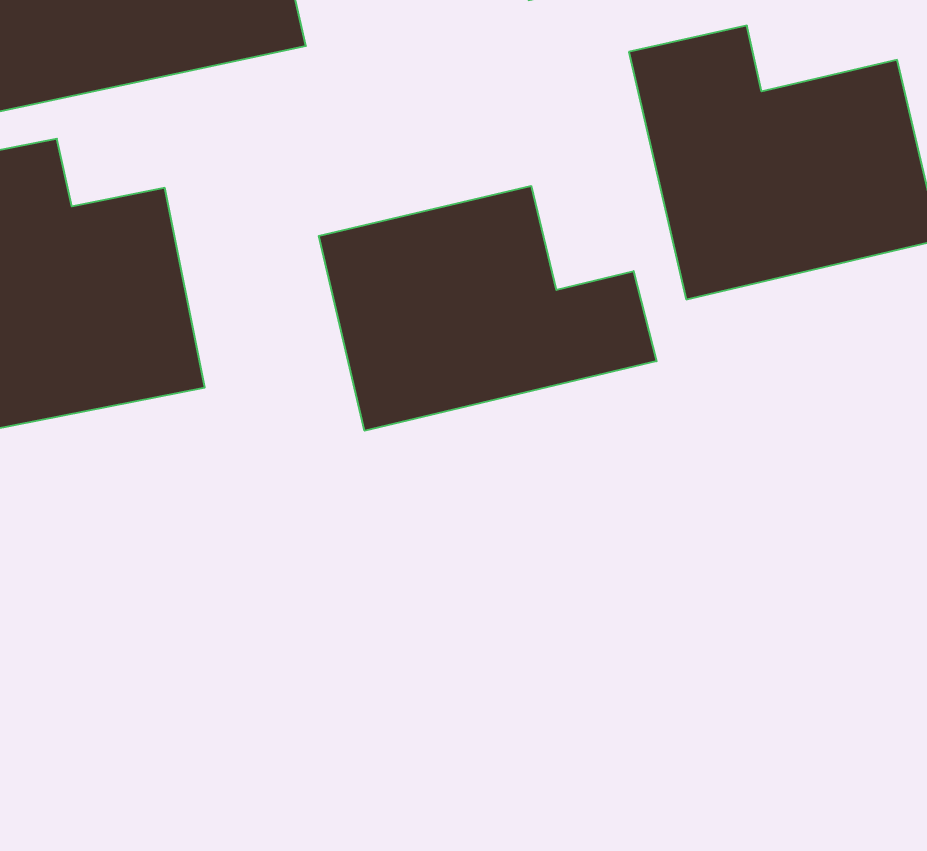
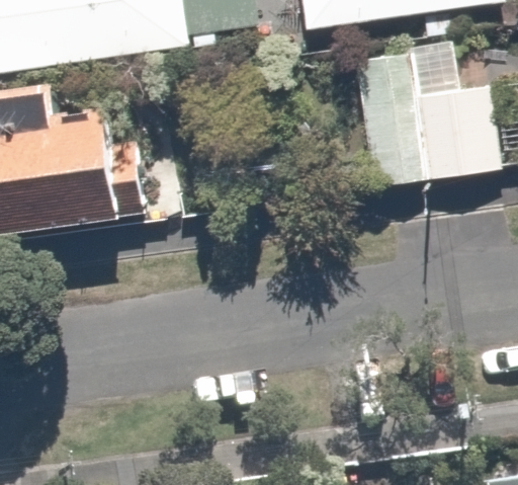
building: [319,186,657,431] -> none

